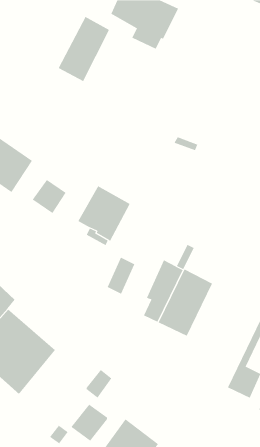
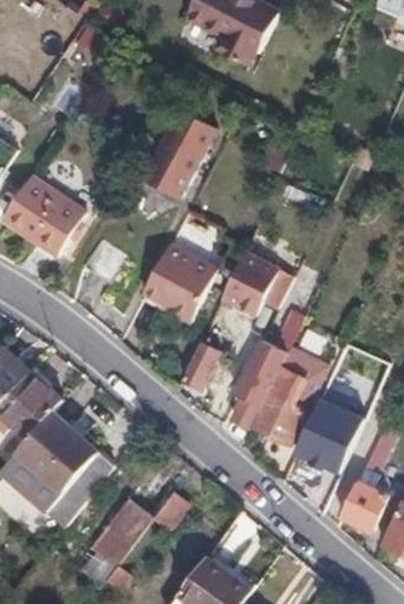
building: [58,16,110,82] -> [144,113,213,200]
building: none -> [219,252,293,313]
building: none -> [294,398,363,472]
building: [70,404,108,441] -> [103,496,152,546]

